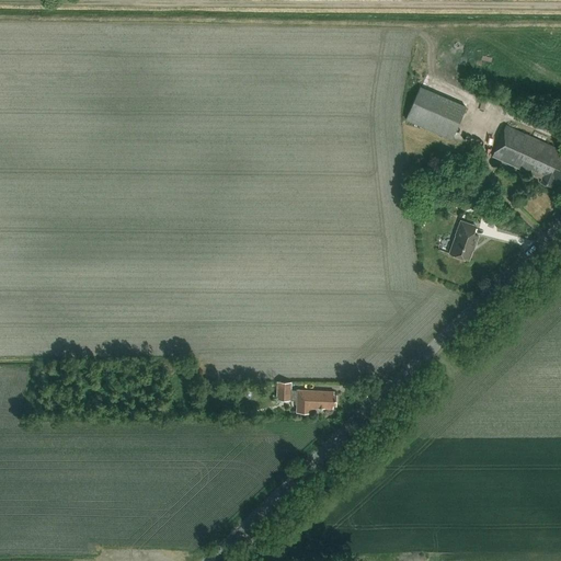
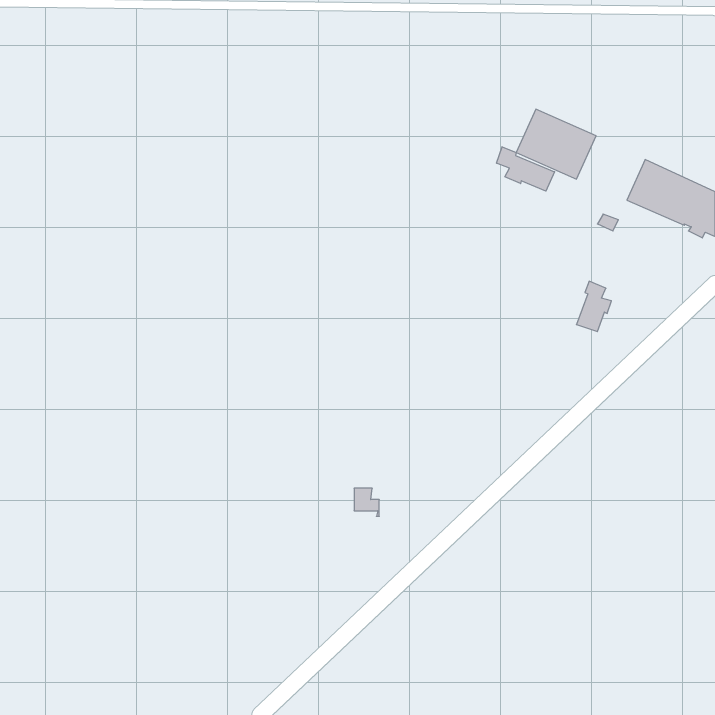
building: none -> [497,147,555,191]
building: [297,390,336,412] -> none

